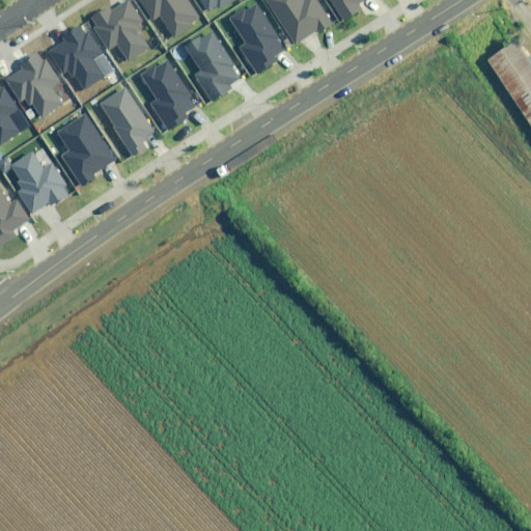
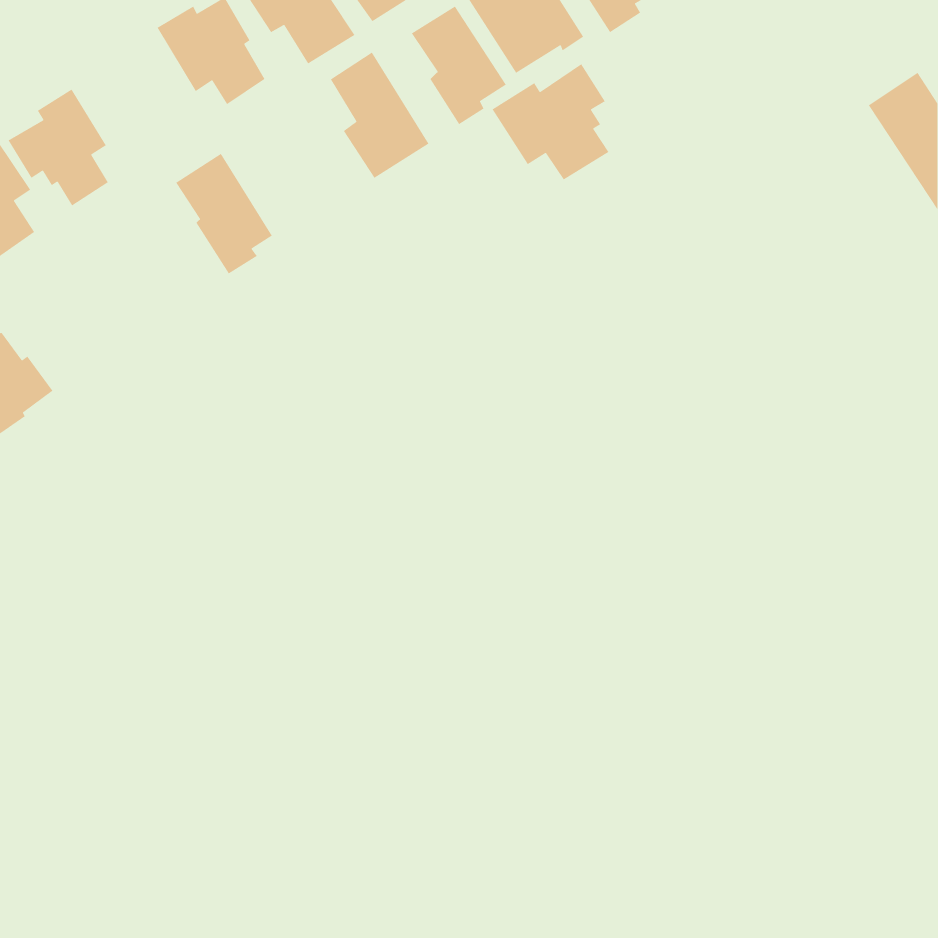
building: [50,22,105,89] -> none
building: none -> [491,63,609,180]
building: [141,57,196,131] -> none
building: [57,113,112,180] -> none
building: [10,151,67,214] -> none

